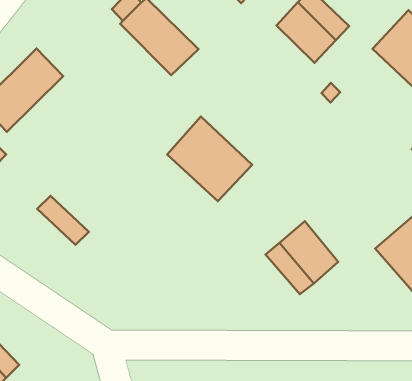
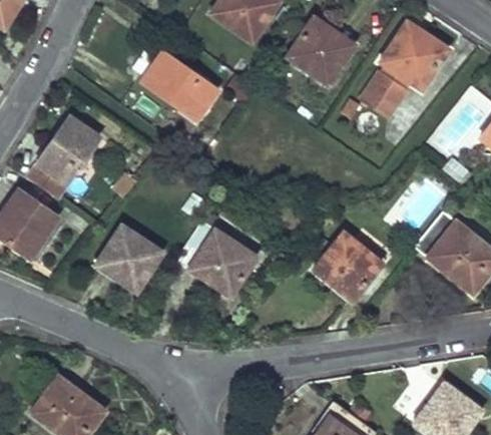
building: none -> [361,72,407,119]
building: [167,117,252,201] -> [176,220,257,295]
building: none -> [106,225,163,276]

